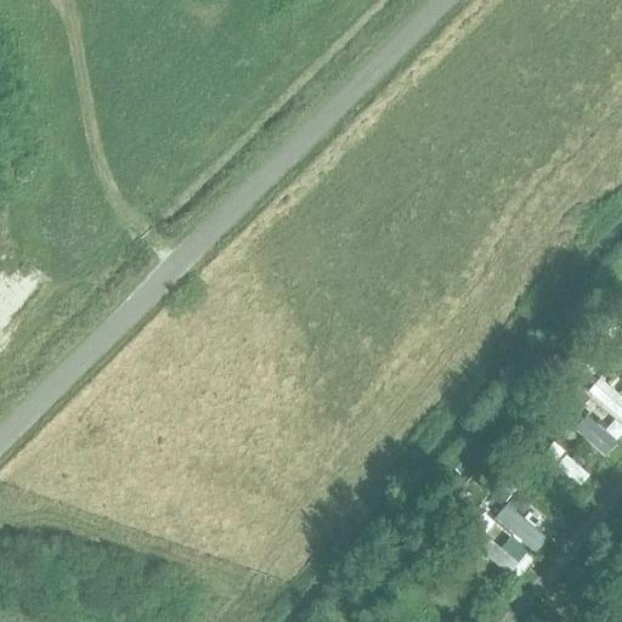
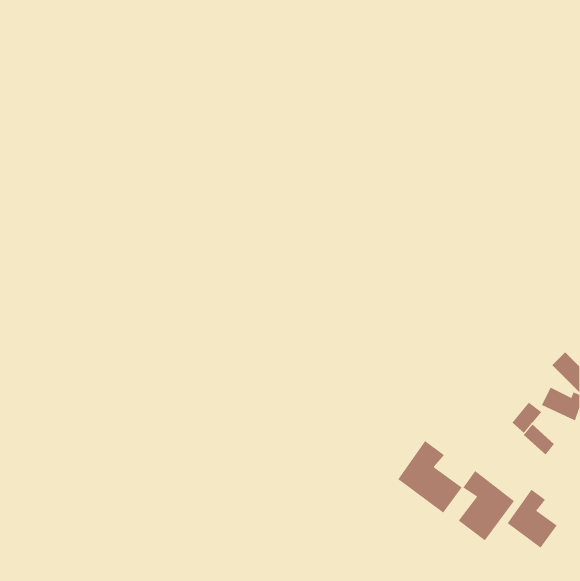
building: none -> [397,440,463,513]
building: none -> [507,489,558,549]

